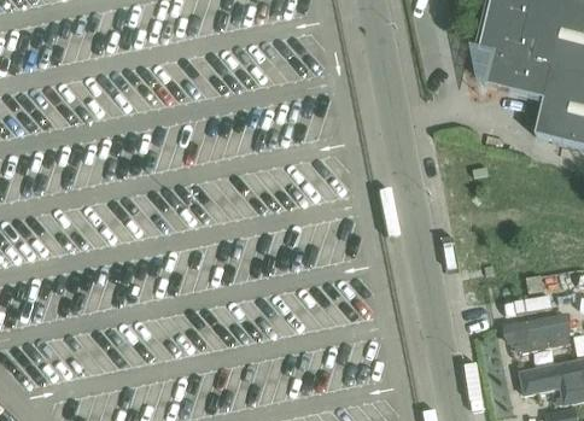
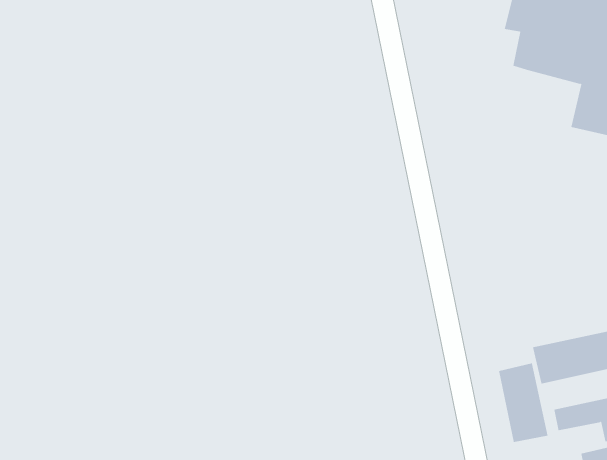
building: none -> [498,363,548,443]

